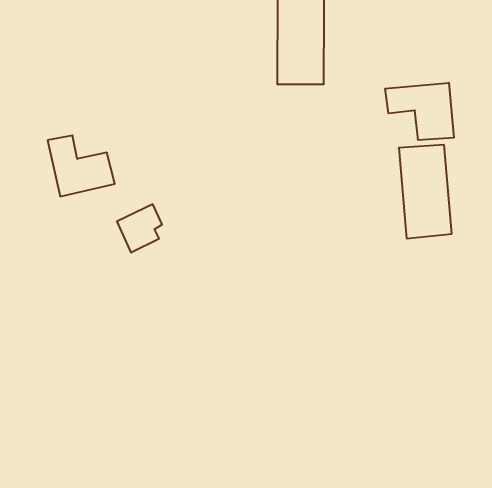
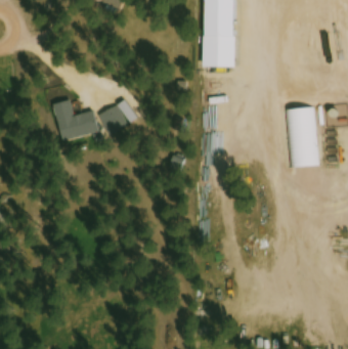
building: [385,83,454,140] -> none
building: [117,204,162,253] -> [99,101,129,133]

